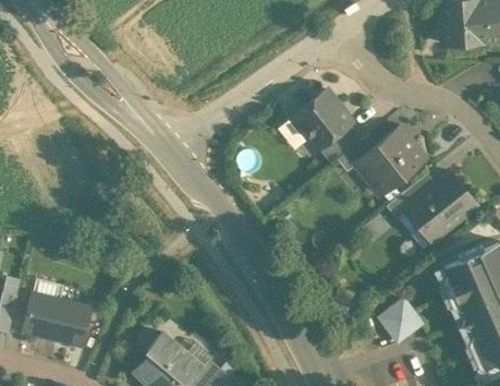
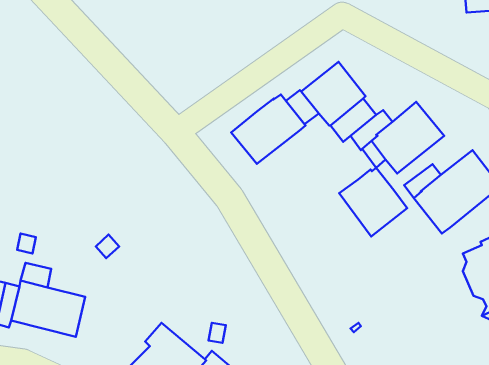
building: none -> [231,94,305,164]
building: none -> [339,168,407,236]
building: [380,299,423,341] -> none

